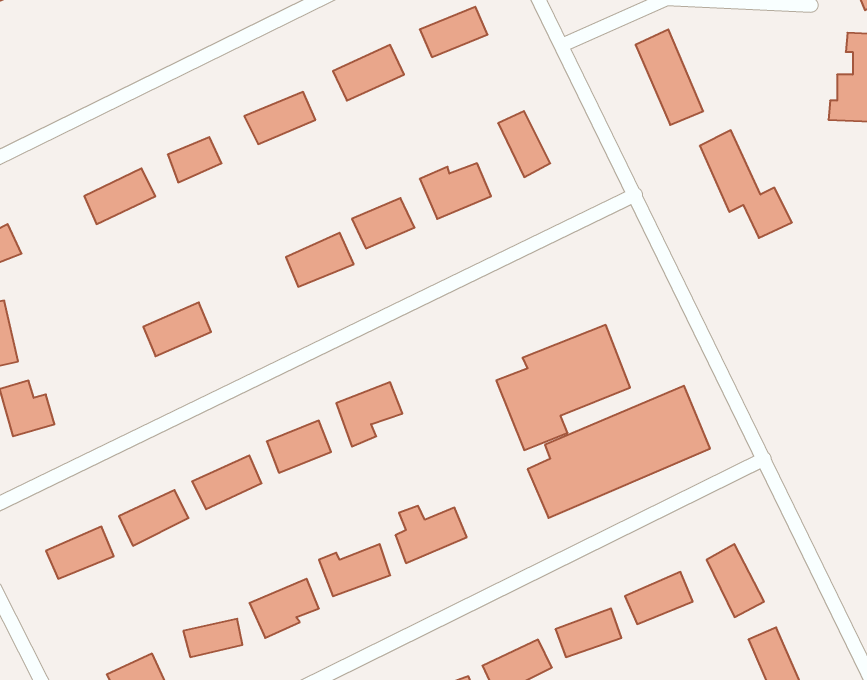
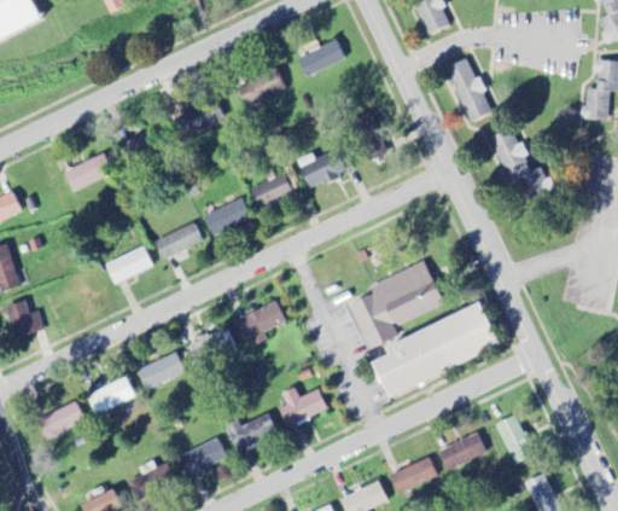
building: none -> [154,222,202,259]

